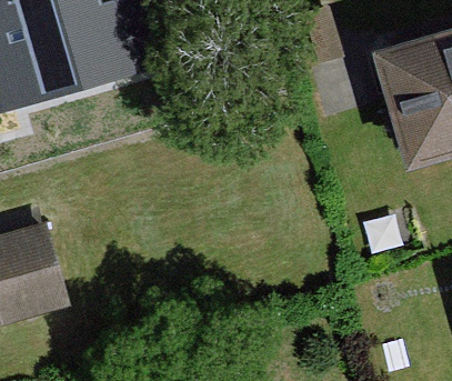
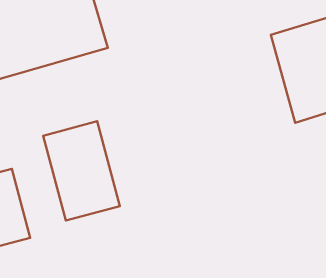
building: none -> [43,121,120,221]

